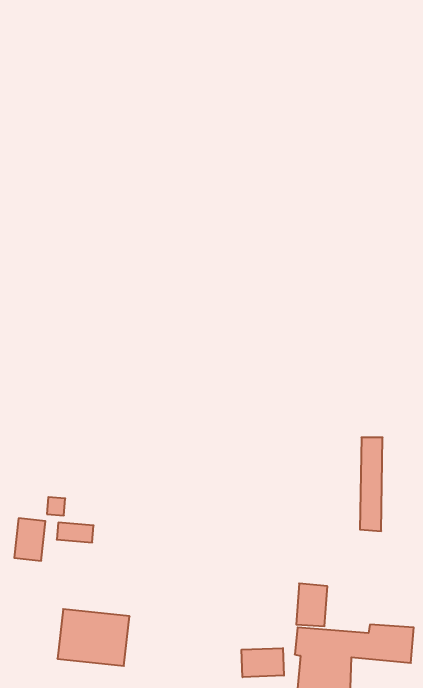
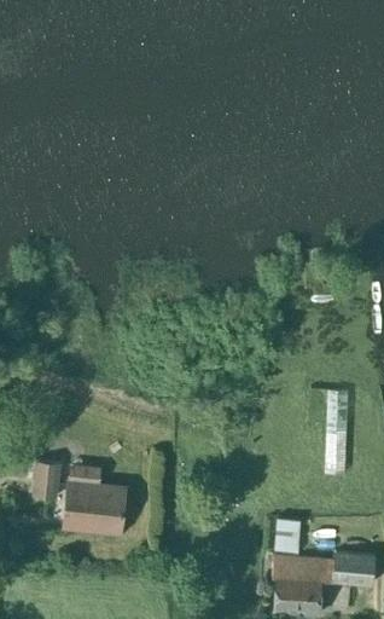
building: [57,609,130,666] -> [62,484,123,532]
building: [242,648,284,677] -> none

